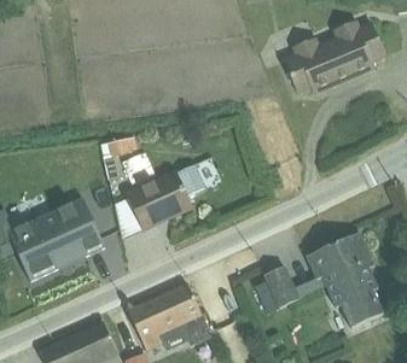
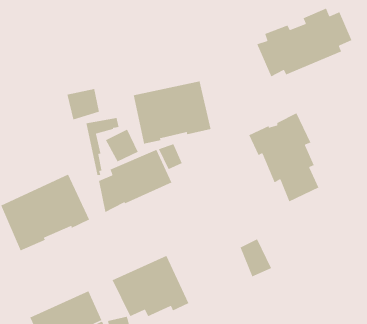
building: none -> [133,81,211,144]
building: none -> [67,88,100,121]
building: [306,232,382,328] -> [248,112,319,203]

